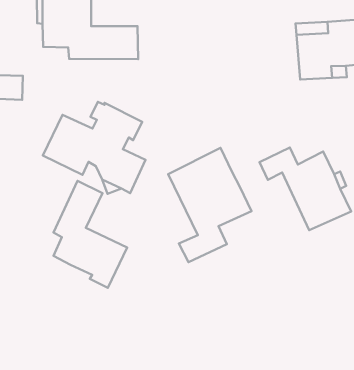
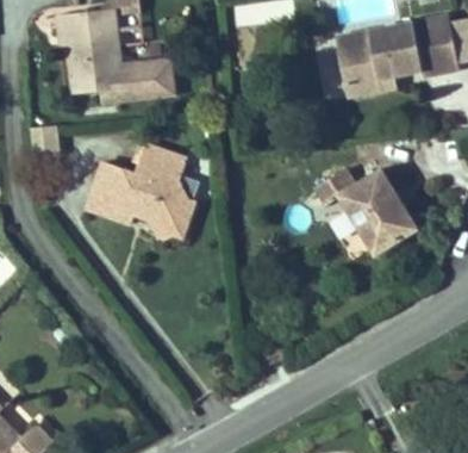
building: [168,148,251,262] -> none
building: [53,181,127,288] -> none

